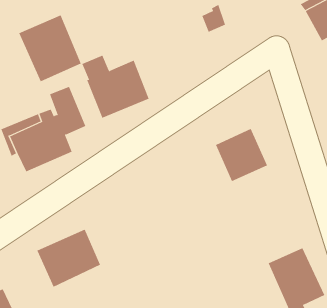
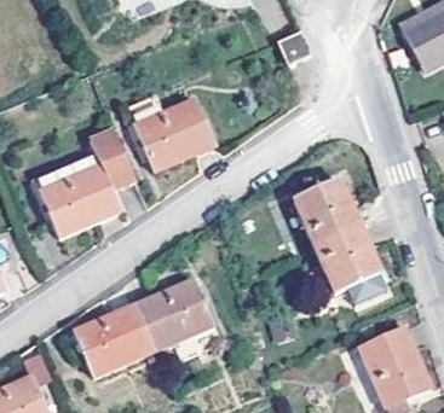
building: [19,14,81,82] -> none
building: none -> [315,226,387,306]
building: none -> [133,278,218,361]

